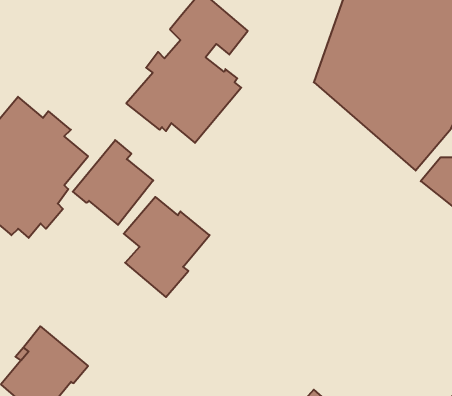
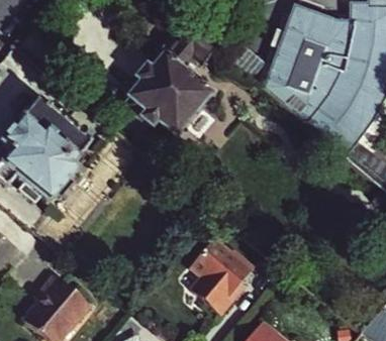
building: [73,140,153,225] -> none
building: [124,197,210,297] -> [190,239,256,316]

